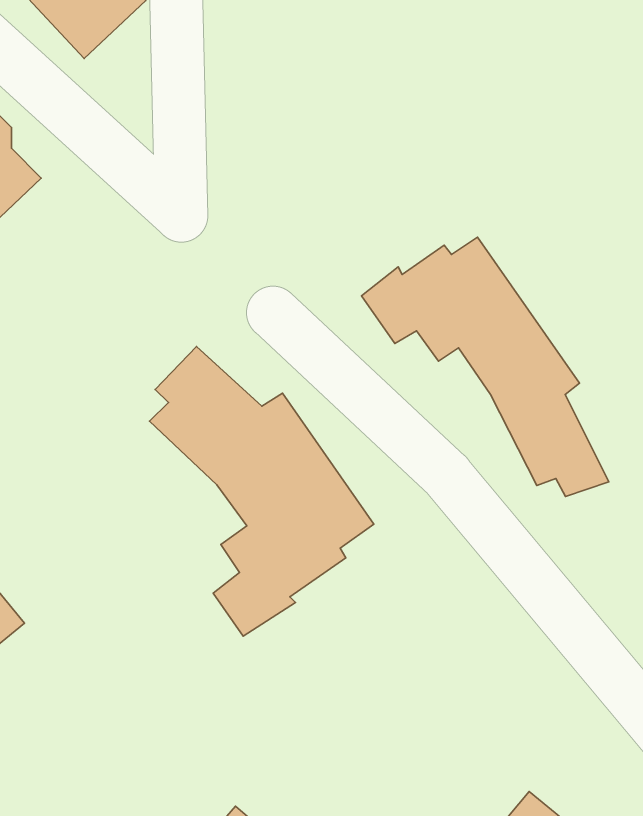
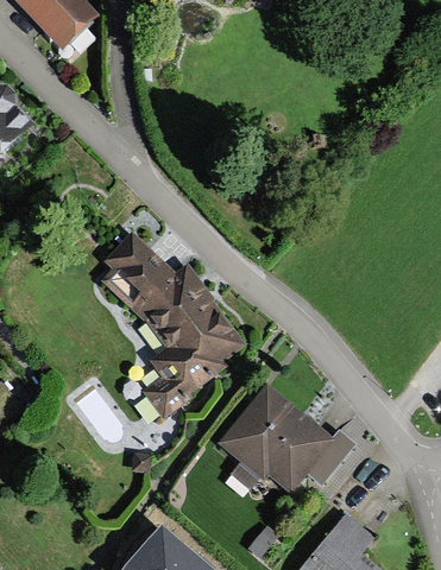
building: [361,237,609,496] -> none
building: none -> [219,385,353,493]

